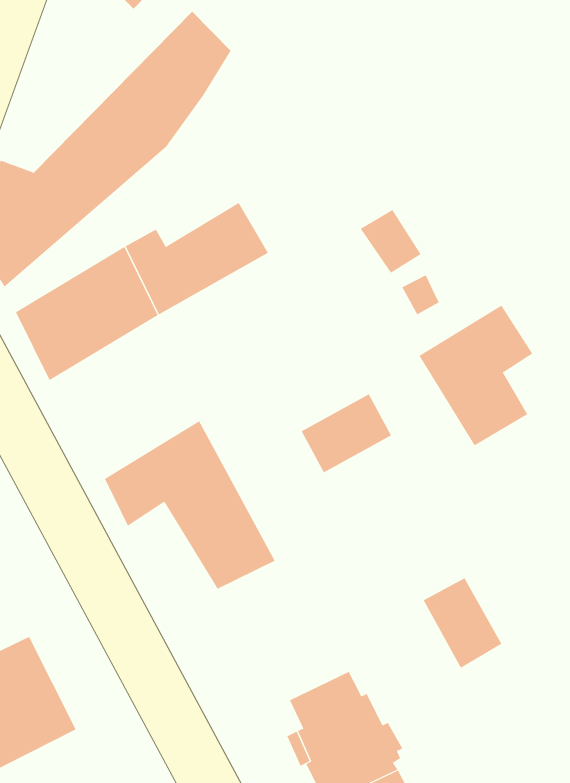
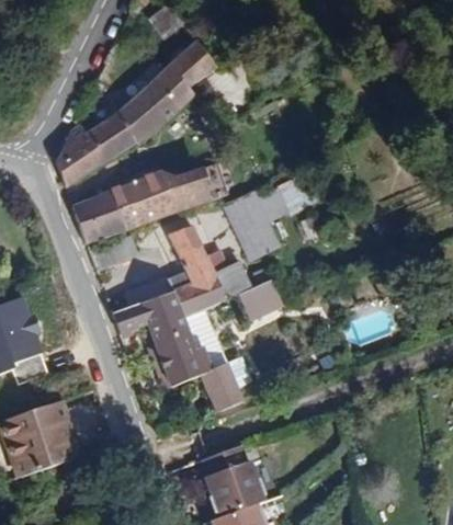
building: [418,305,533,446] -> [224,182,291,262]
building: none -> [171,222,229,318]
building: [423,577,502,668] -> [204,361,247,413]

